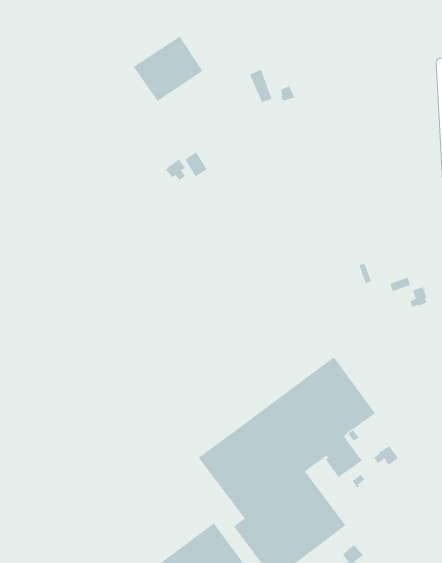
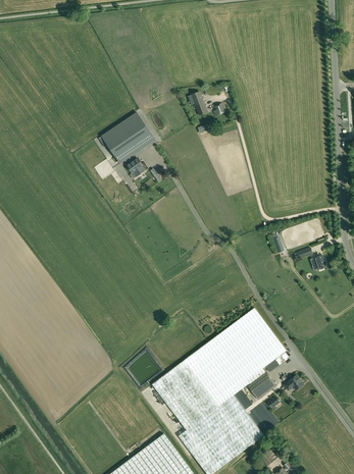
building: [133,36,203,102] -> [102,113,155,163]

